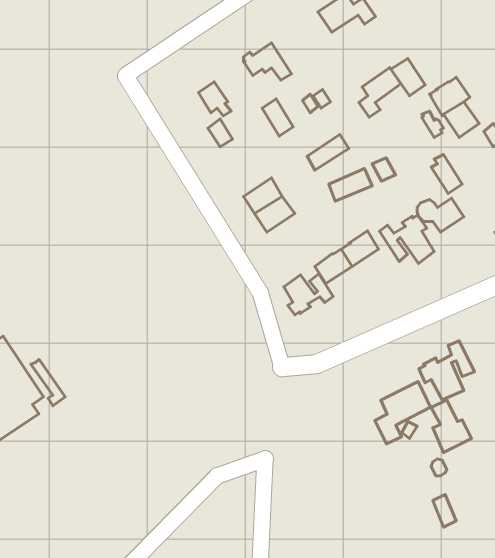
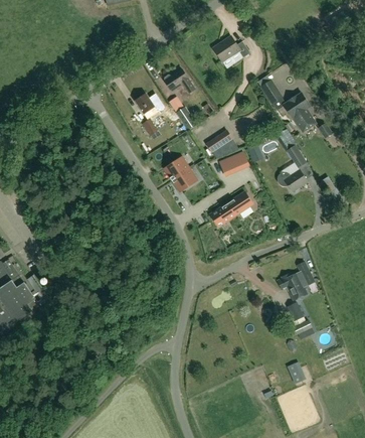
building: [359,68,401,117] -> none
building: [379,215,434,263] -> none
building: [284,274,333,315] -> none
building: [375,381,431,444] -> none

